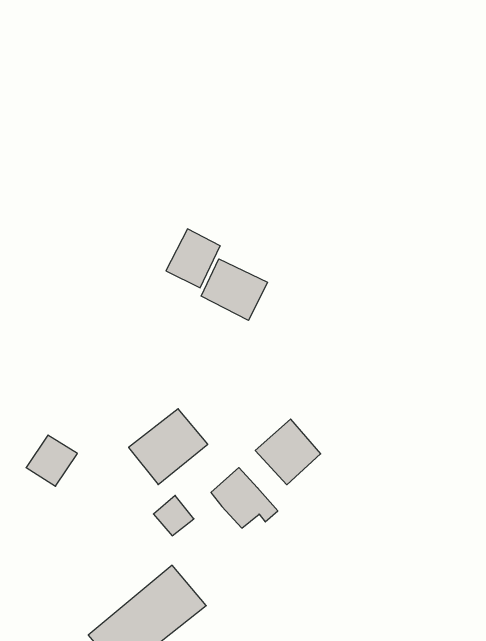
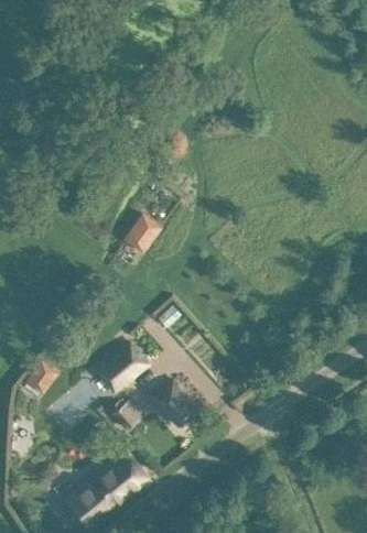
building: [201,259,267,320] -> none
building: [255,419,321,485] -> none

